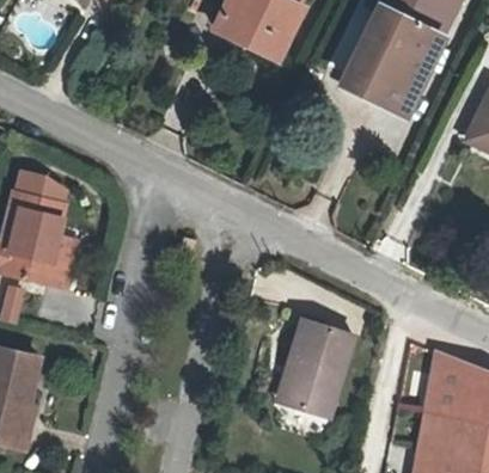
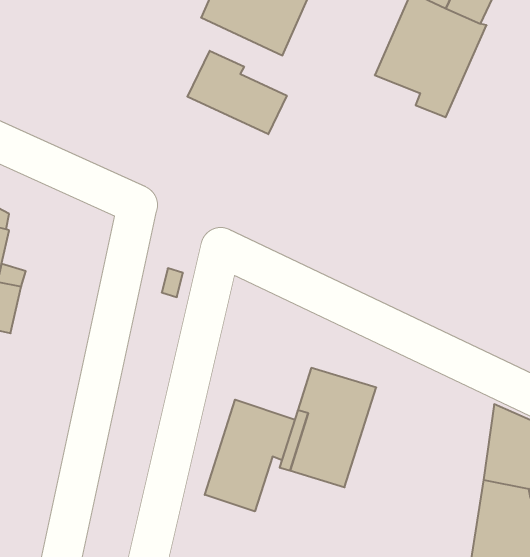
building: none -> [187,51,287,134]
building: none -> [205,400,295,511]

